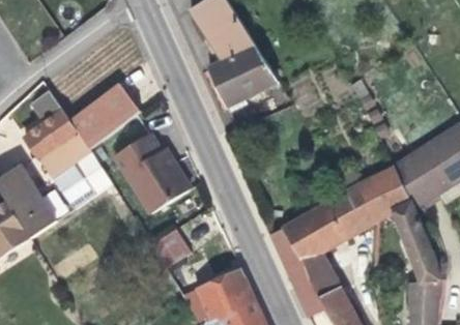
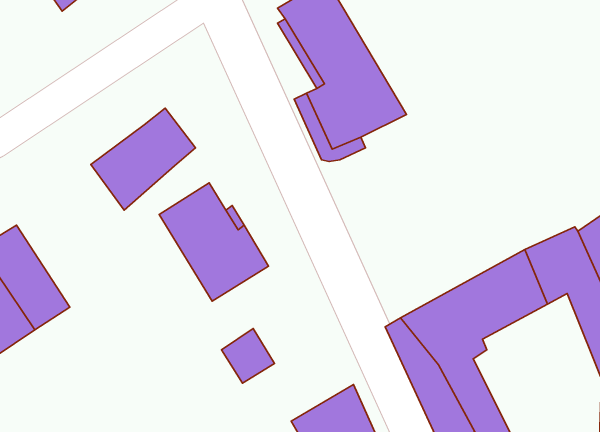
building: [18,91,107,209] -> none

